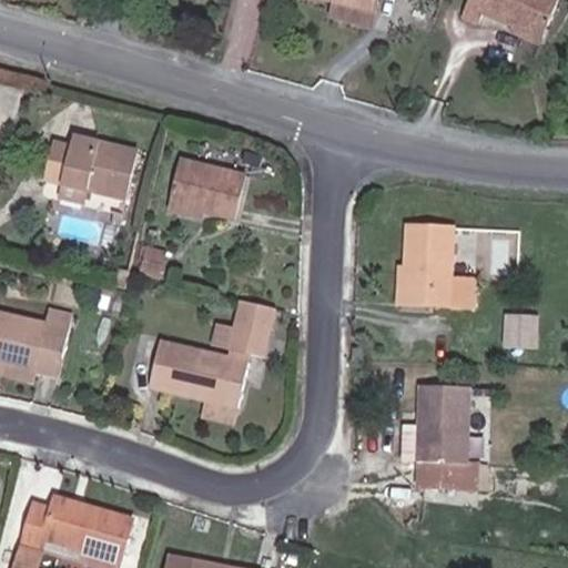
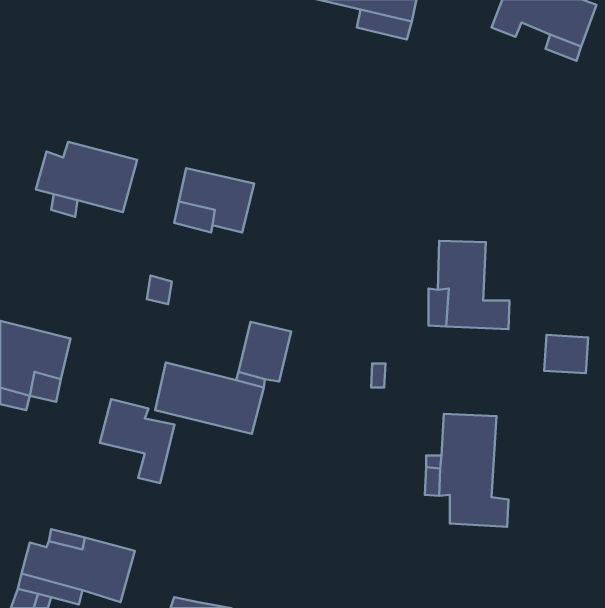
building: none -> [100,399,174,483]

